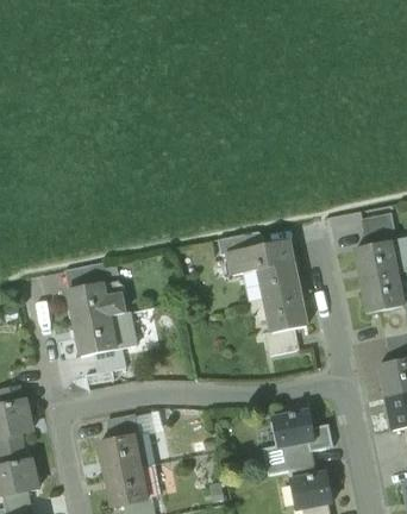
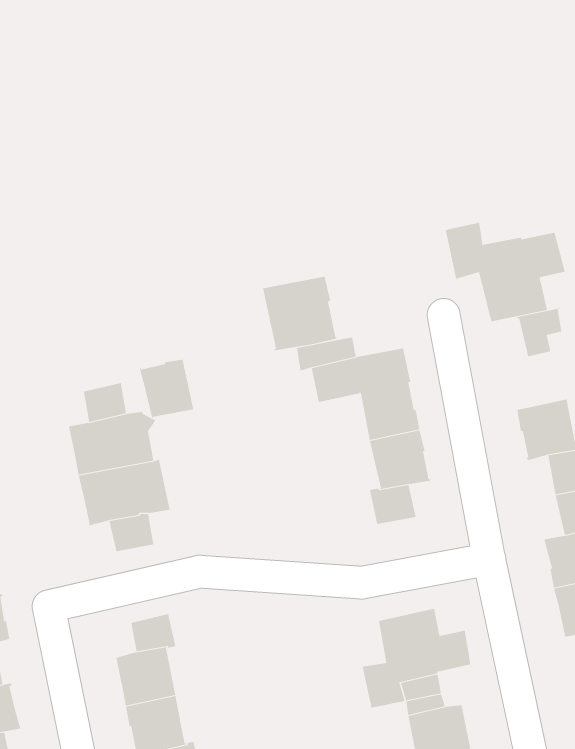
building: none -> [445,222,565,322]
building: none -> [262,276,338,351]
building: [356,240,395,280] -> none
building: none -> [139,359,194,419]

